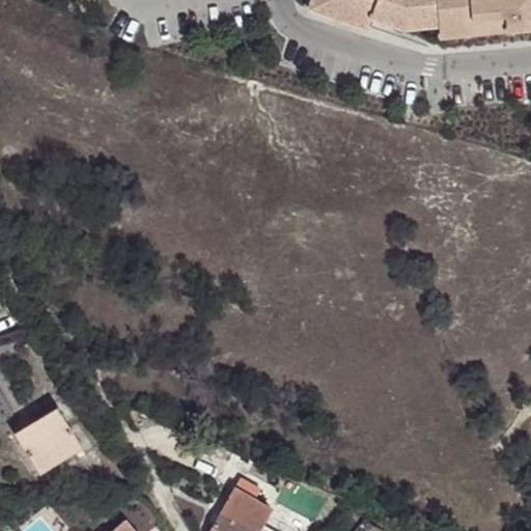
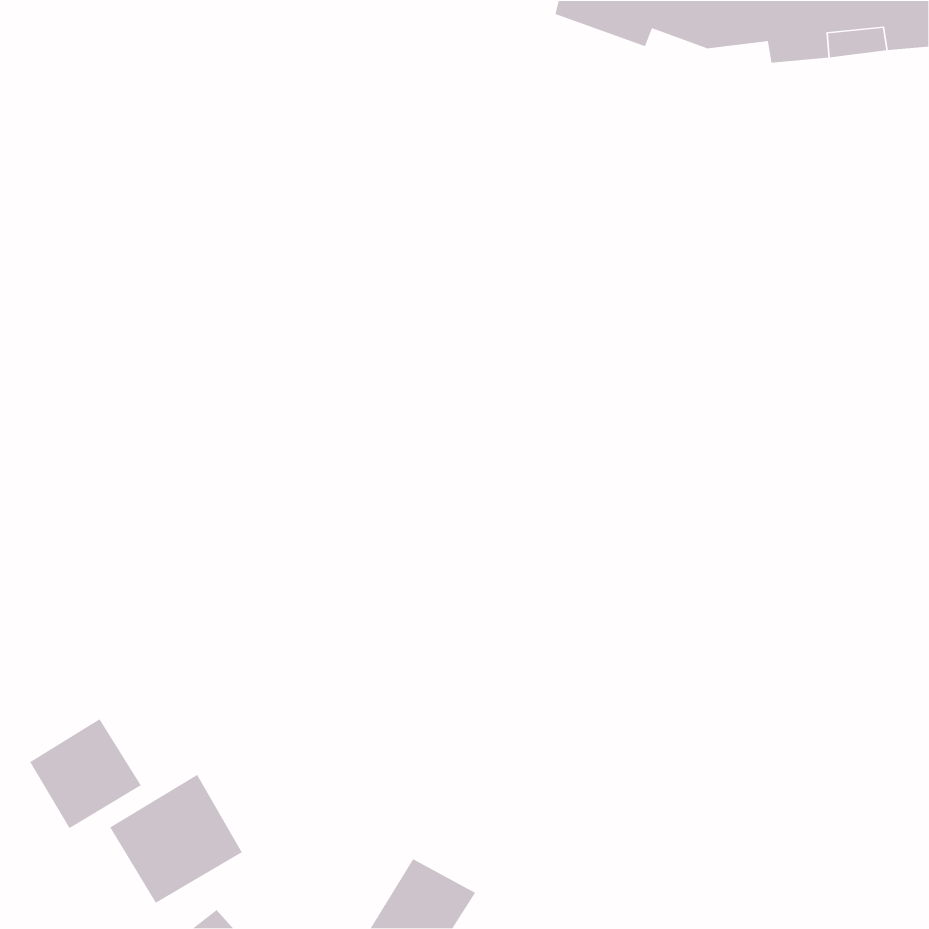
building: none -> [109,774,243,904]

